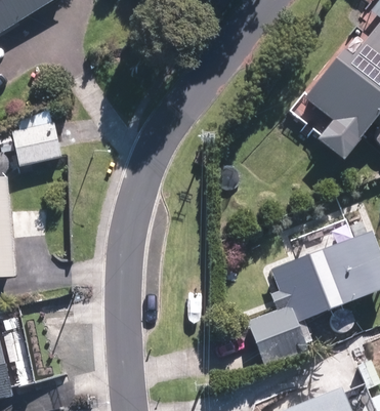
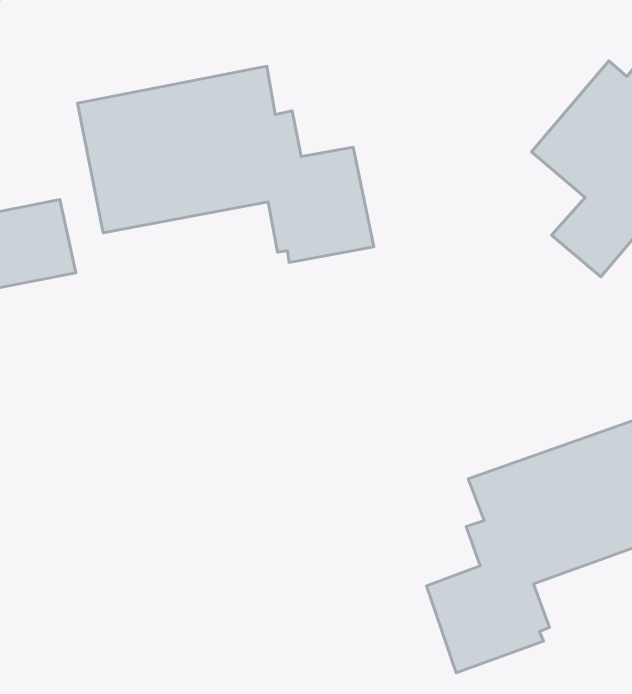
building: none -> [78,66,374,263]

